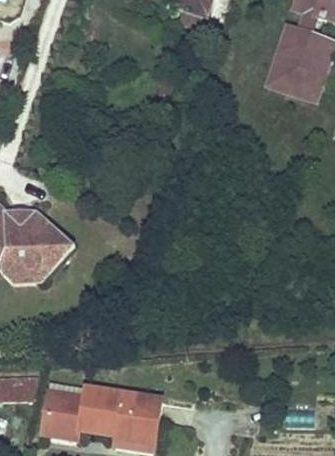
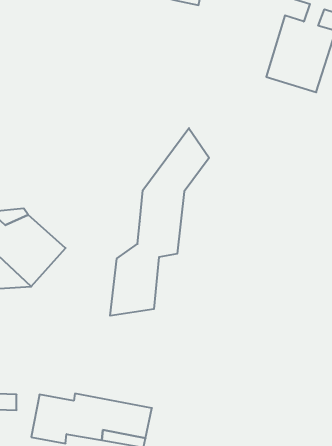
building: none -> [110,128,209,316]

